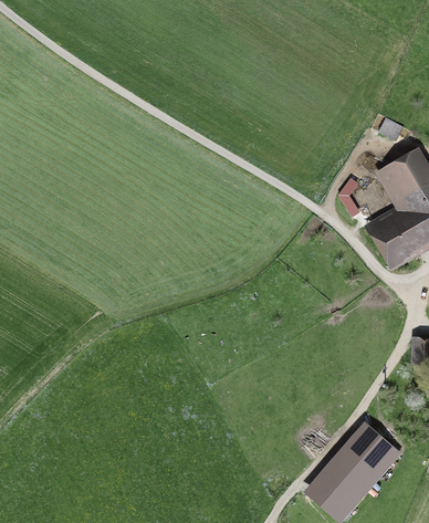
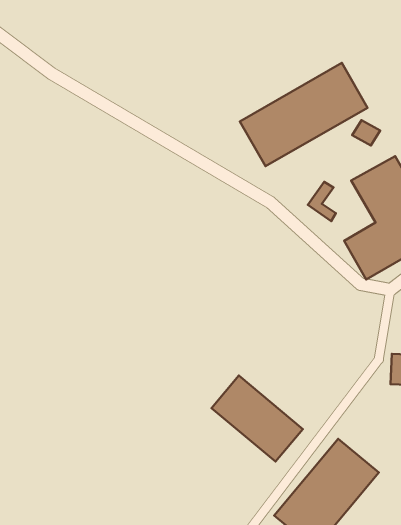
building: none -> [240,63,367,166]
building: none -> [211,376,303,462]

